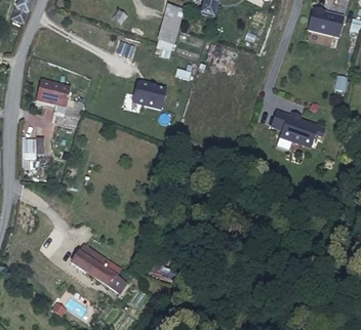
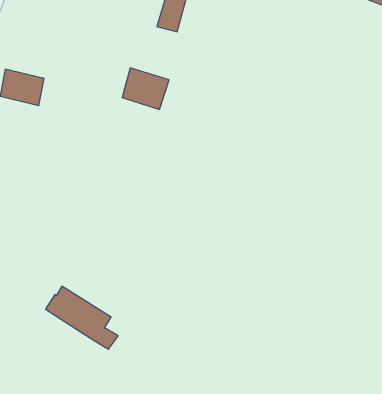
building: [271,114,316,148] -> none

